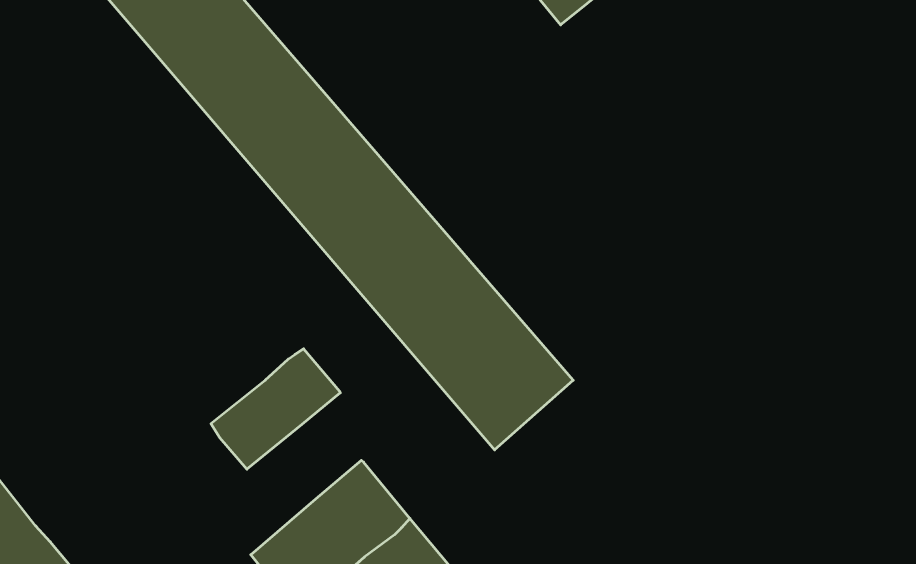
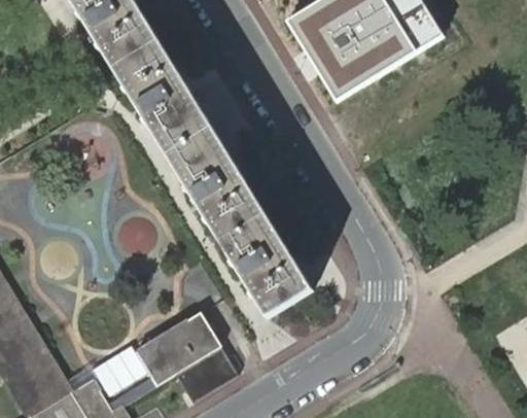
building: [211,349,340,469] -> none

